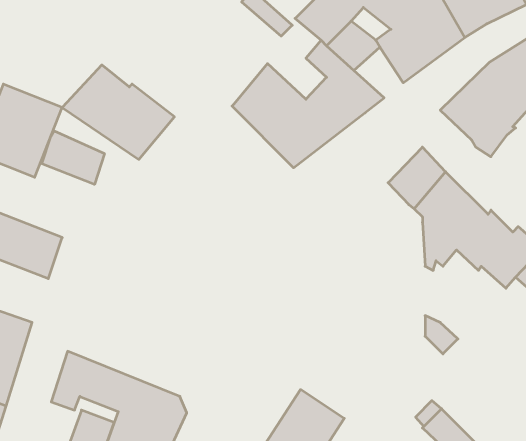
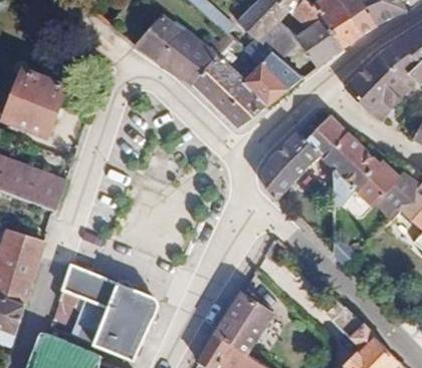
building: [62,65,174,159] -> [135,15,217,84]
building: [42,131,104,184] -> none
building: none -> [262,132,321,202]

